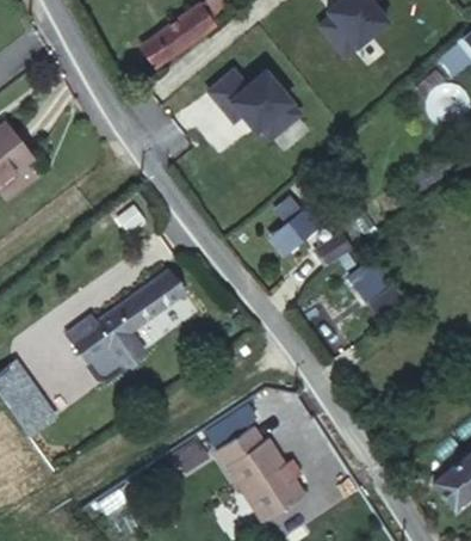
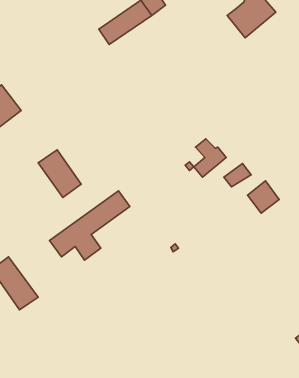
building: [210,70,302,140] -> none
building: none -> [38,150,81,197]
building: [218,428,304,522] -> none

